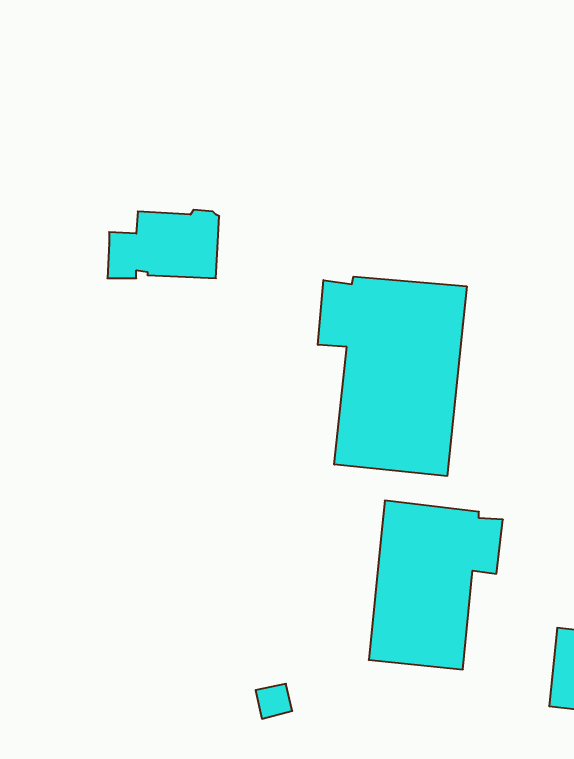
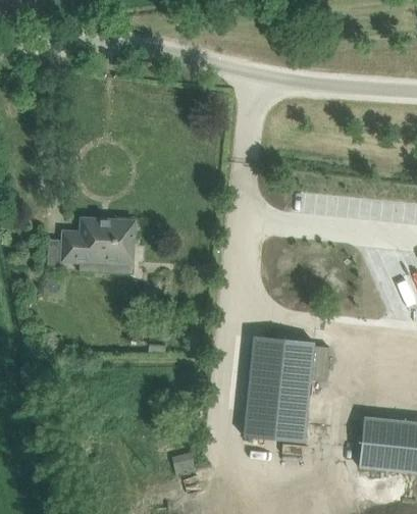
building: [107,210,219,278] -> [62,217,134,261]
building: [318,277,467,476] -> none

